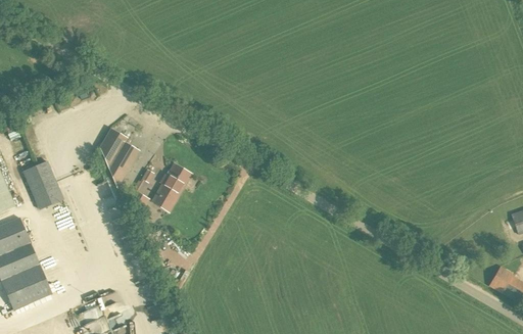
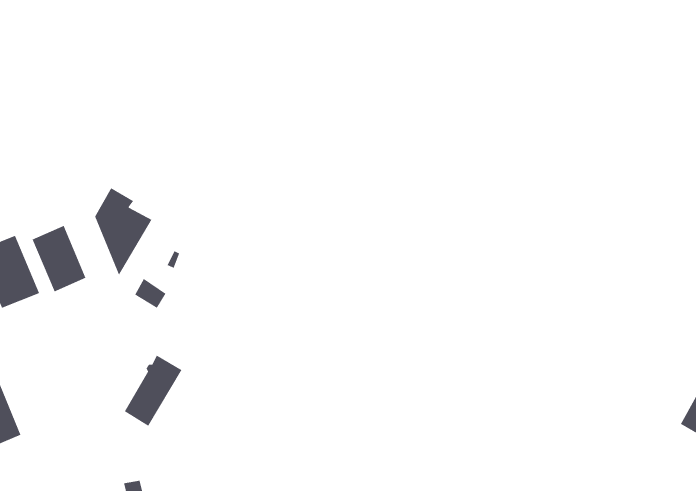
building: none -> [32,225,87,292]
building: [152,163,191,211] -> [124,354,183,427]

